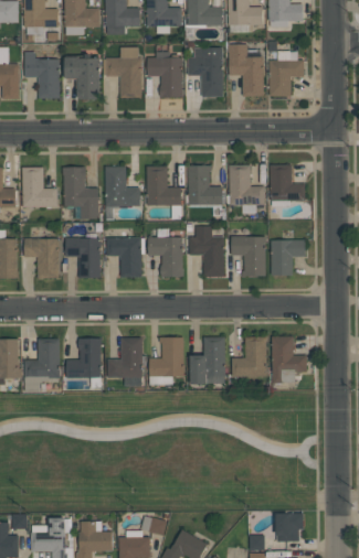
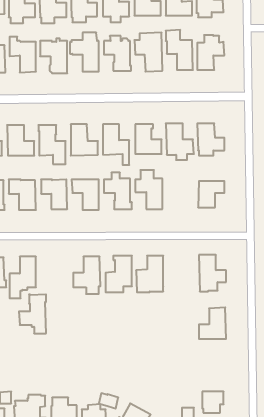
building: [231,236,265,276] -> none
building: [232,336,267,377] -> [199,307,226,339]
building: [66,339,102,389] -> [19,294,46,333]

